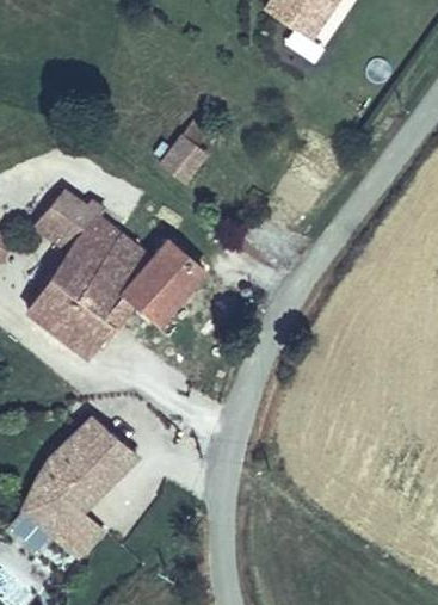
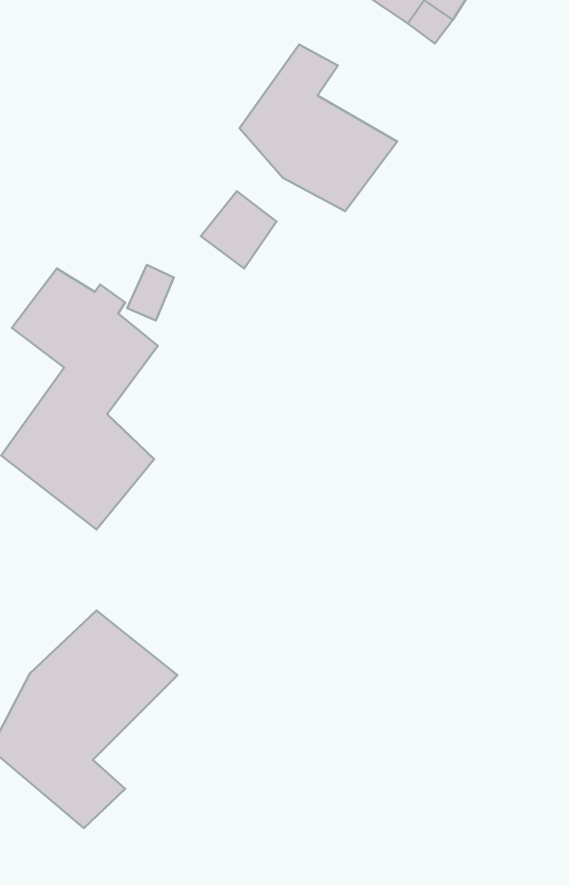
building: none -> [240,45,397,211]
building: [95,239,209,326] -> none

